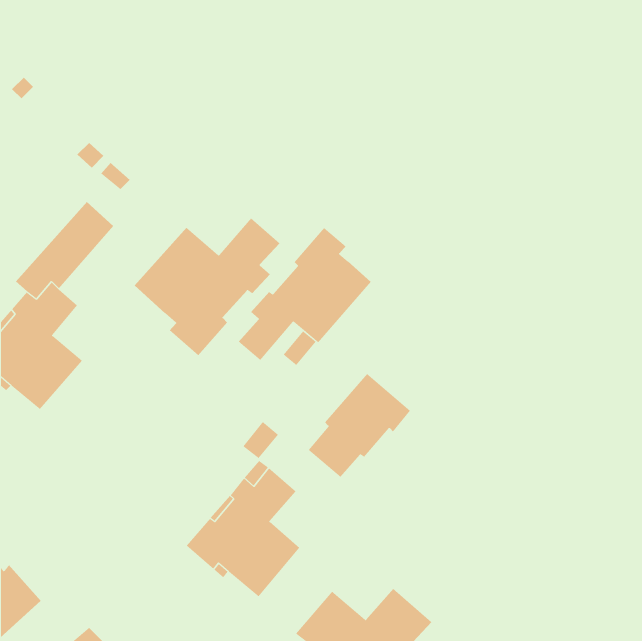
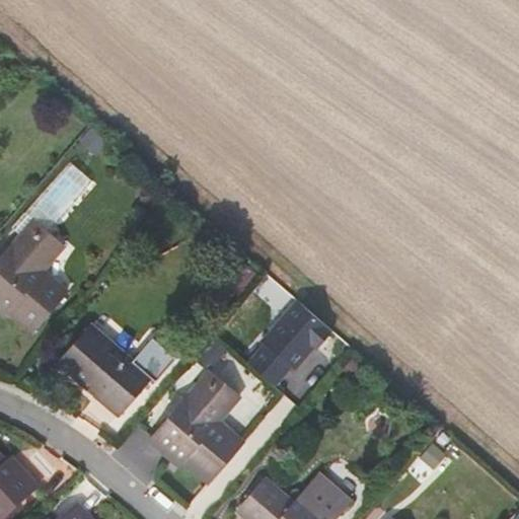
building: [134,218,281,356] -> none
building: [238,227,372,361] -> none
building: none -> [58,326,176,416]

